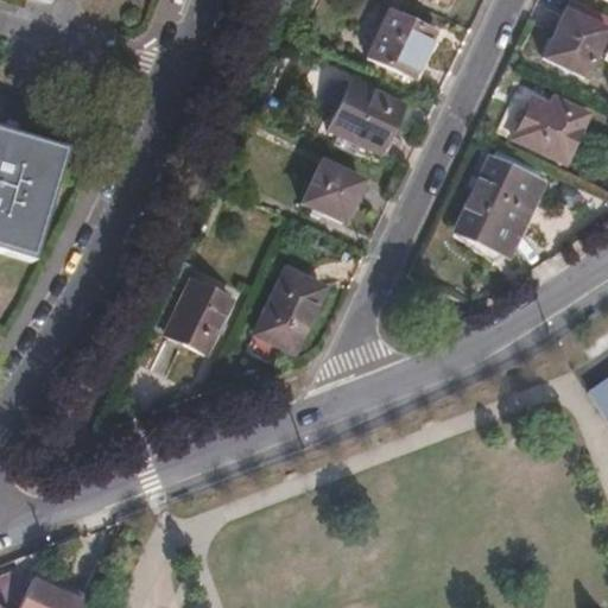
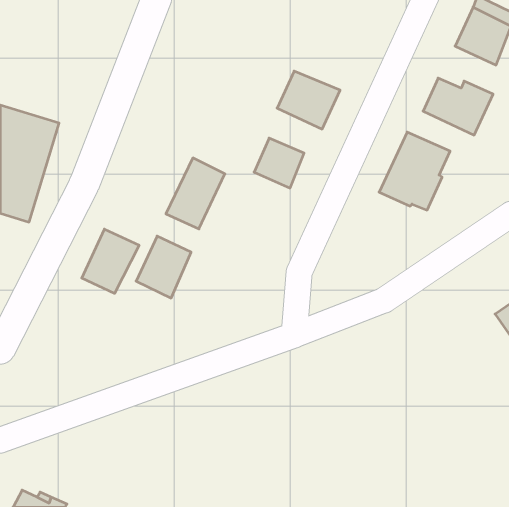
building: [370,12,437,80] -> none
building: [254,268,324,353] -> [166,158,225,229]
building: none -> [82,229,139,293]

